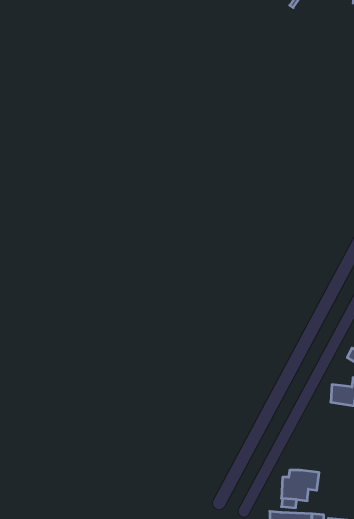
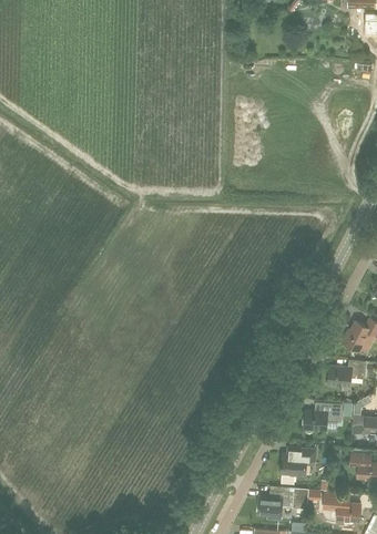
building: none -> [303,403,343,430]

